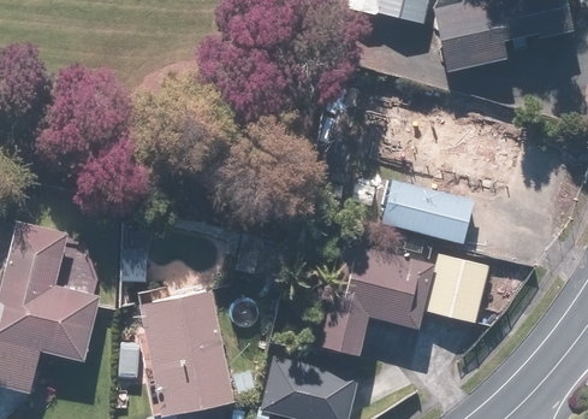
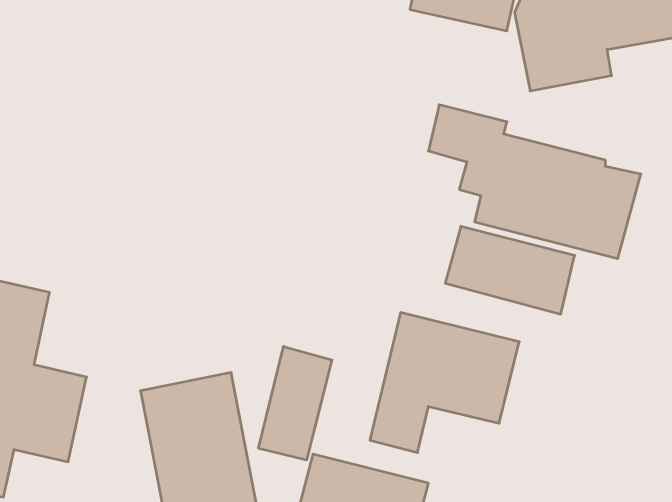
building: [430,253,493,324] -> none
building: none -> [259,346,332,460]

